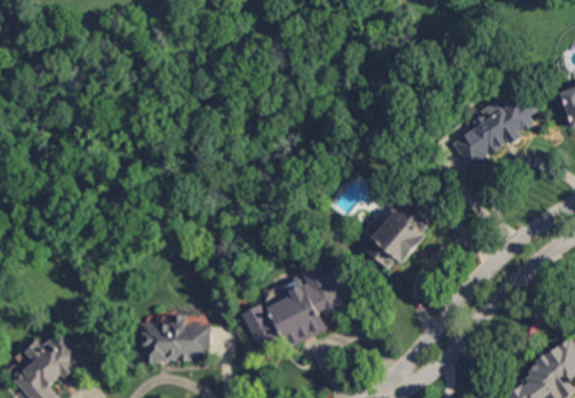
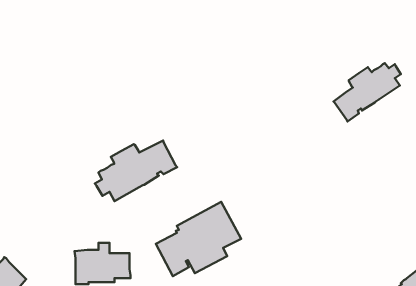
building: none -> [95,141,177,201]
building: [364,197,434,268] -> none

